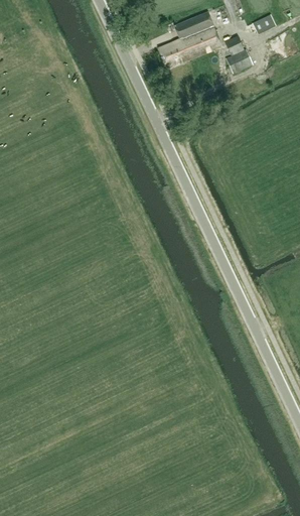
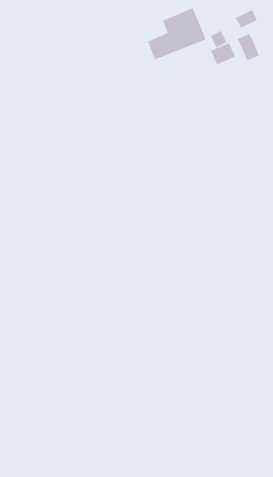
building: none -> [237,33,260,61]

